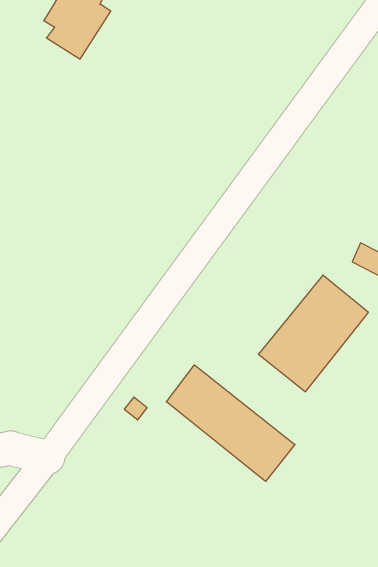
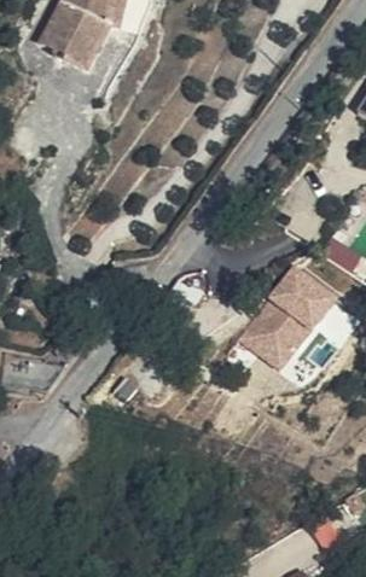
building: [166,365,295,481] -> none

